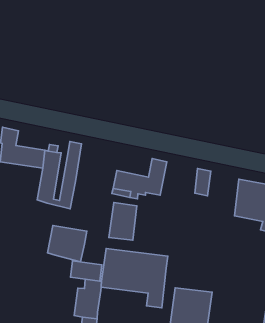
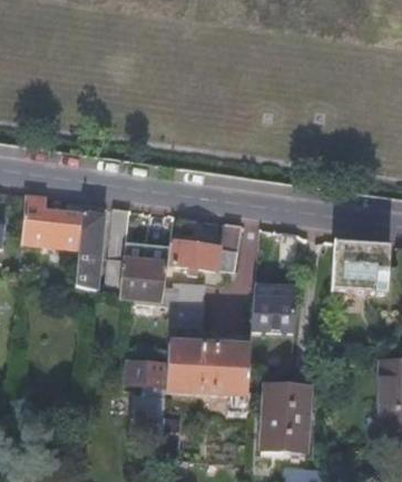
building: none -> [252,296,294,329]
building: [47,225,87,262] -> [120,256,169,301]

